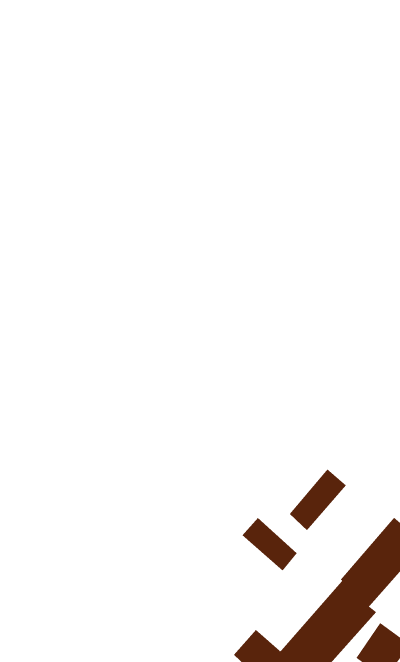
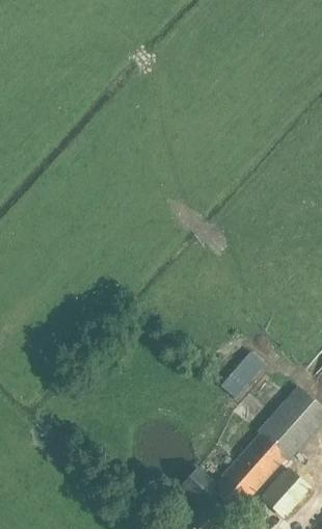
building: [242,517,297,571] -> none

